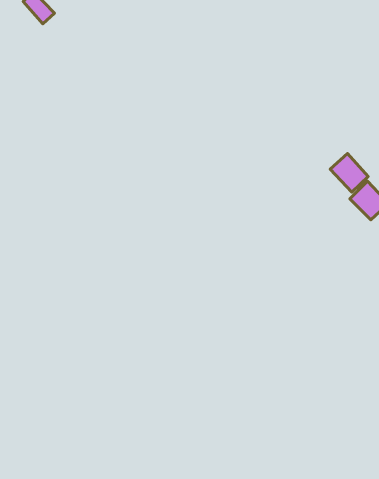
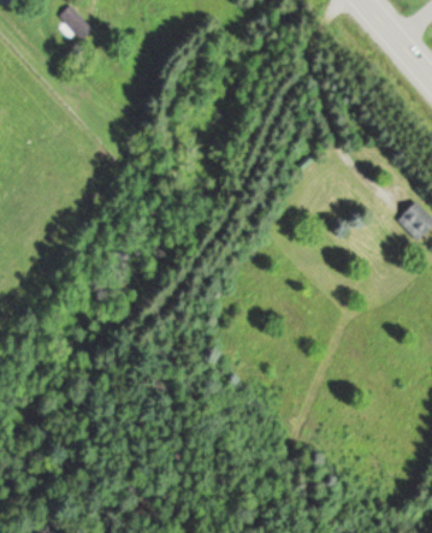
building: [330,154,368,192] -> none

